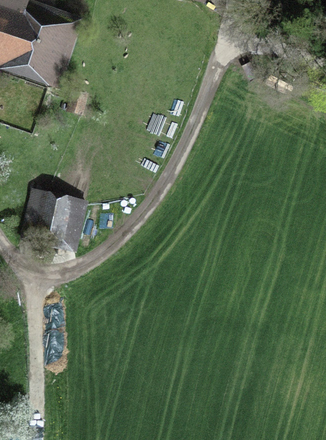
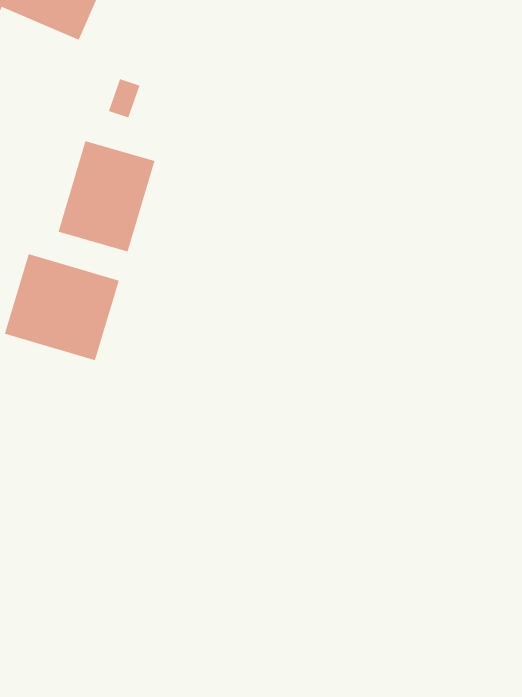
building: none -> [58,140,155,252]

